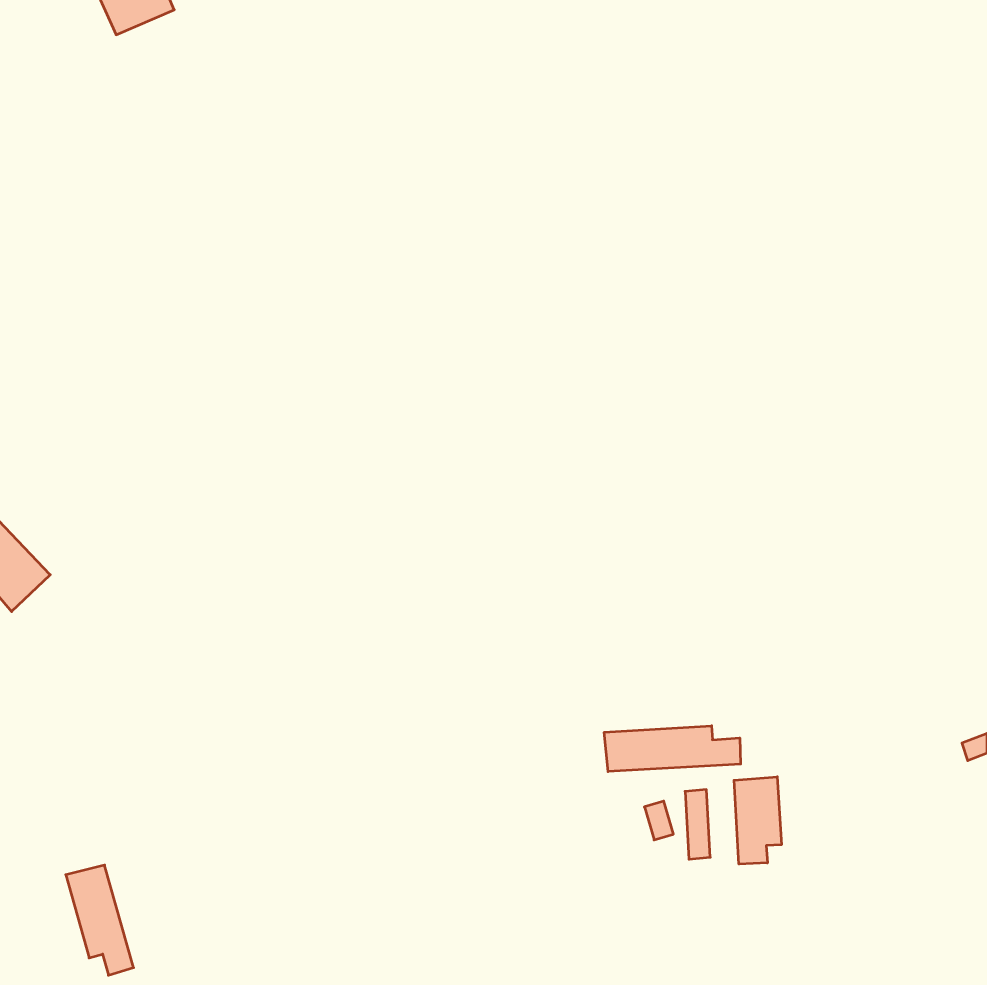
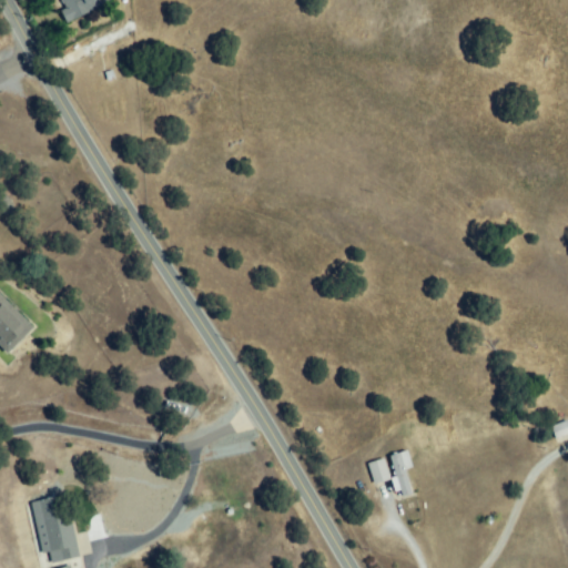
building: [604,726,741,772] -> none
building: [734,777,781,864] -> none

